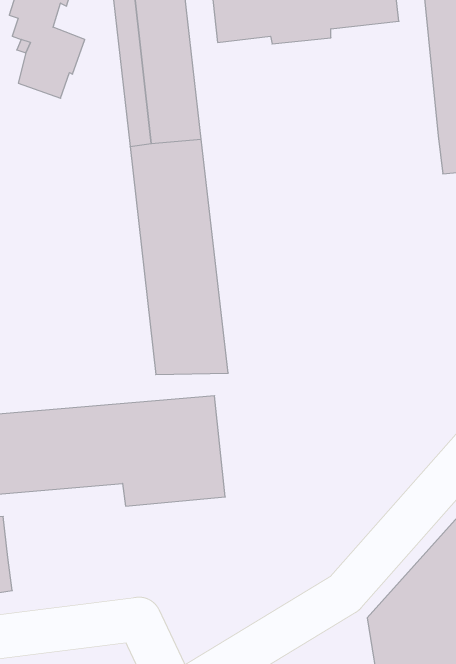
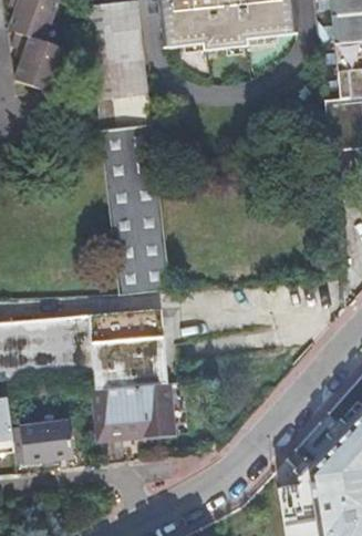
building: none -> [96,383,174,435]
building: none -> [10,422,71,463]

